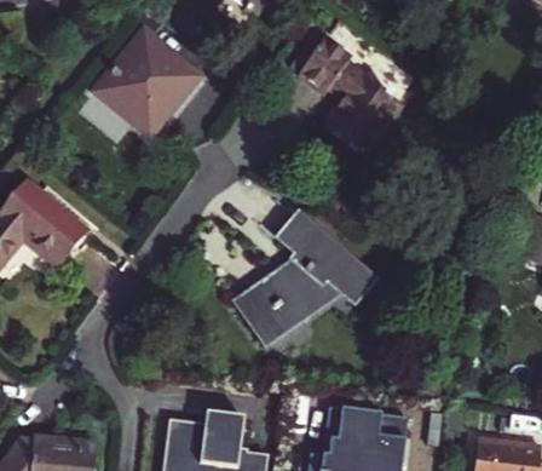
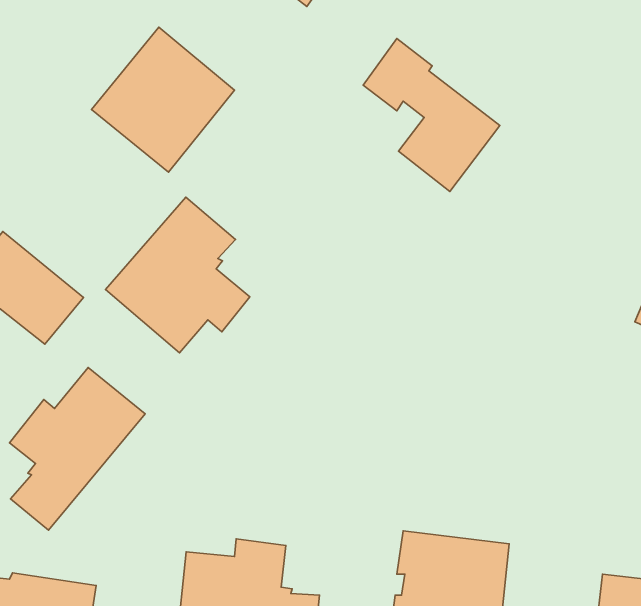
building: none -> [106,197,250,353]
building: [238,214,373,340] -> none
building: none -> [10,367,145,530]

